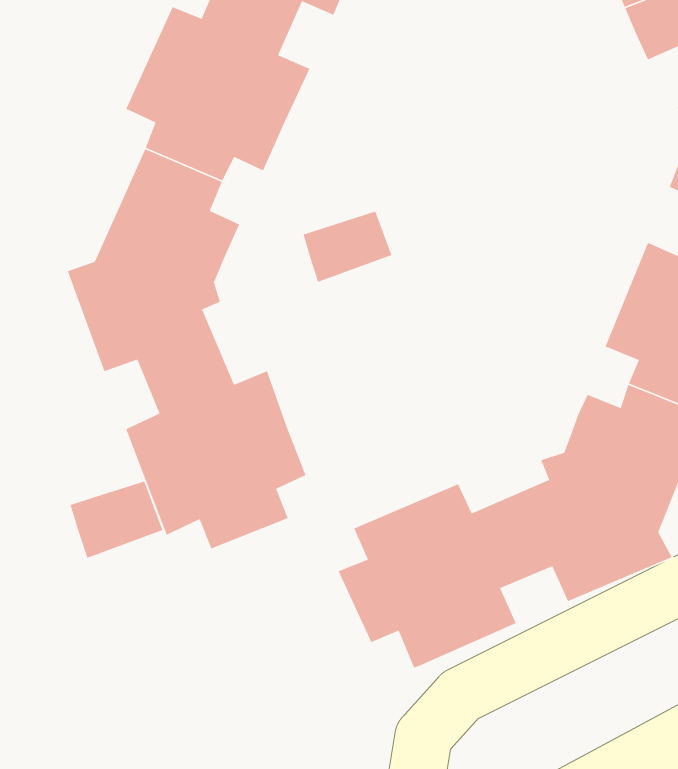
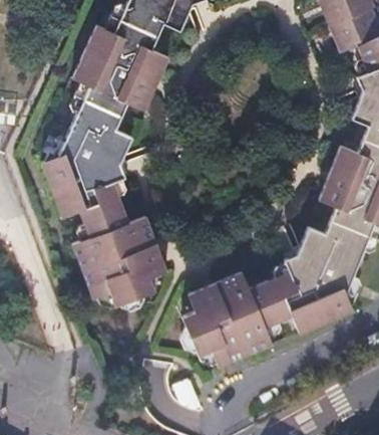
building: [302,211,392,283] -> none
building: [70,480,164,559] -> none

